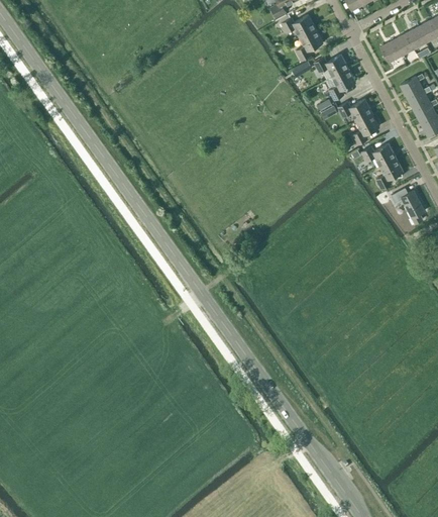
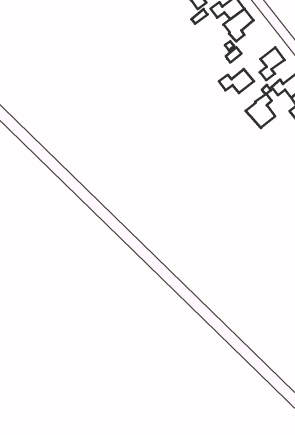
building: [337,99,372,122] -> [219,69,254,93]
building: none -> [246,94,275,128]

